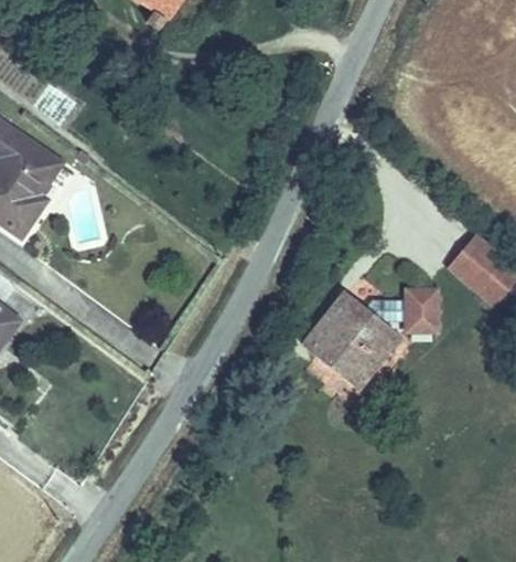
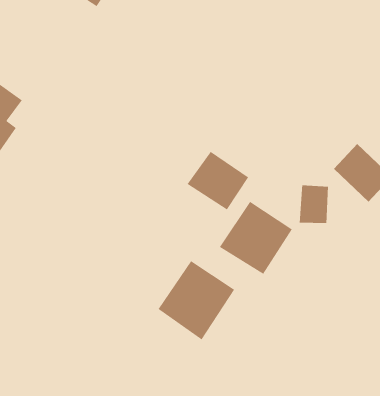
building: none -> [187,151,249,211]
building: none -> [158,260,235,341]

